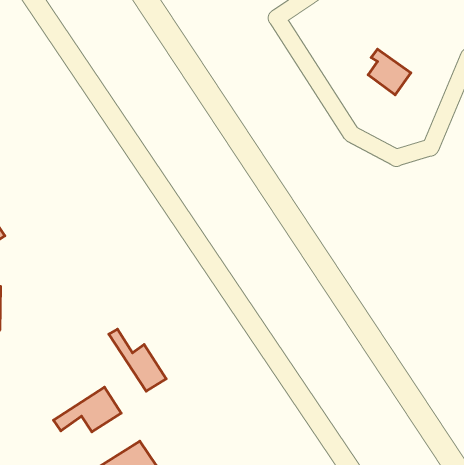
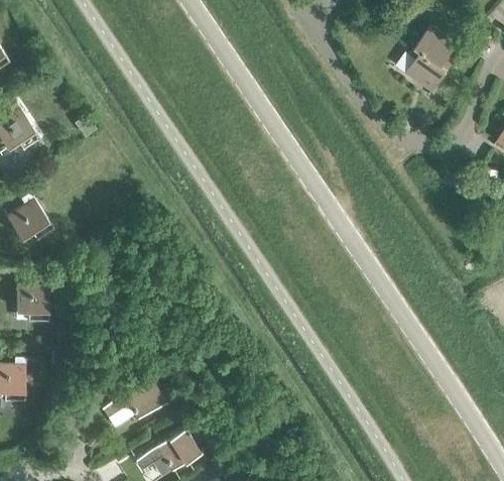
building: none -> [415,27,458,72]
building: [109,329,166,391] -> none

